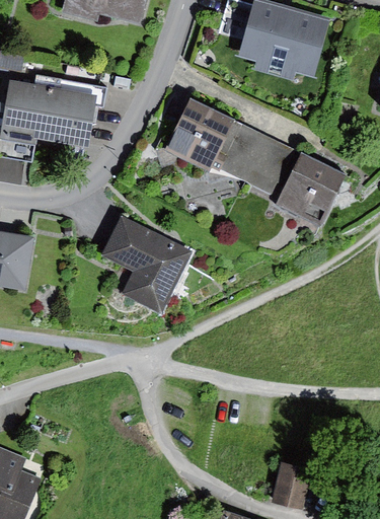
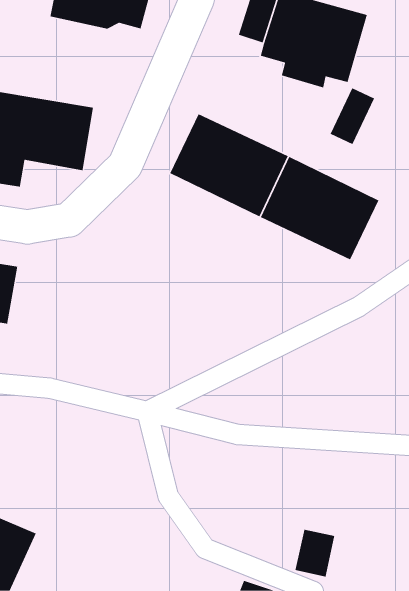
building: none -> [330,87,375,145]
building: [100,216,189,314] -> none

